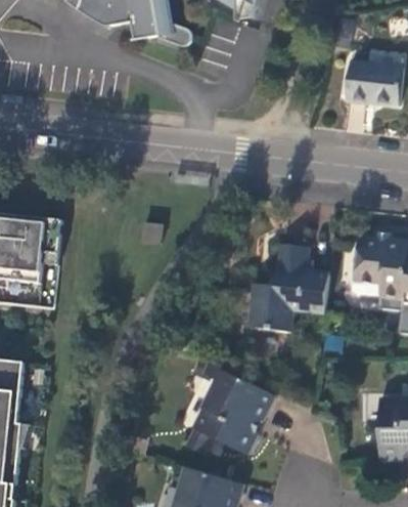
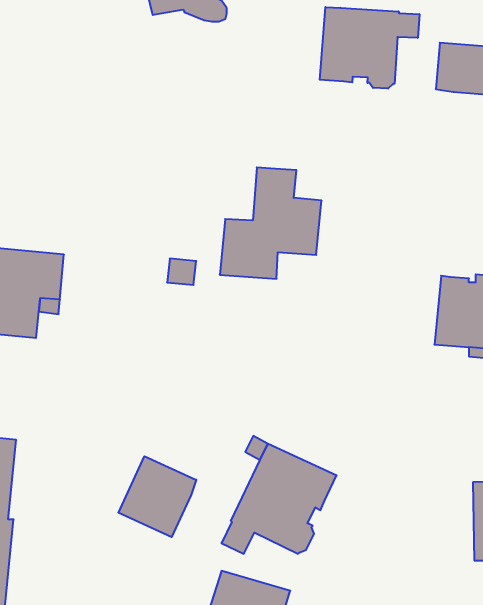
building: none -> [320,7,419,89]
building: [246,245,325,331] -> [220,167,322,279]
building: none -> [118,456,196,537]

